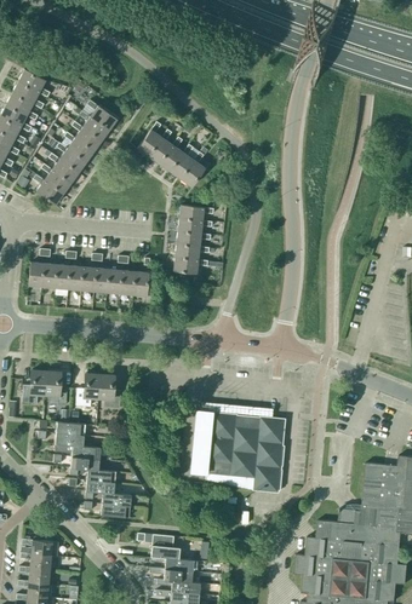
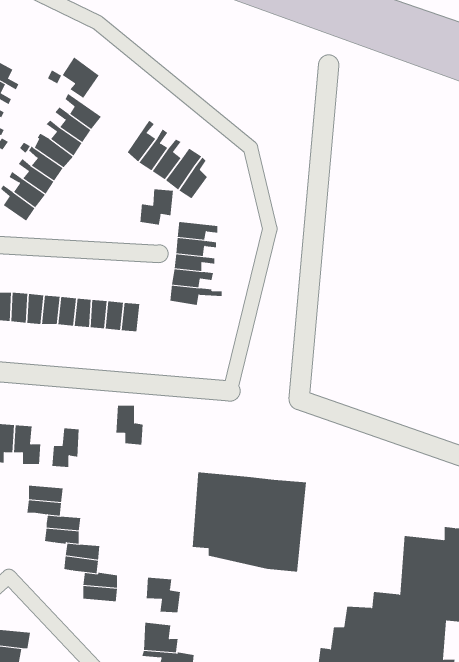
building: none -> [62,56,100,99]
building: none -> [140,189,174,225]
building: [97,375,120,408] -> [116,405,144,445]
building: none -> [146,577,180,613]

